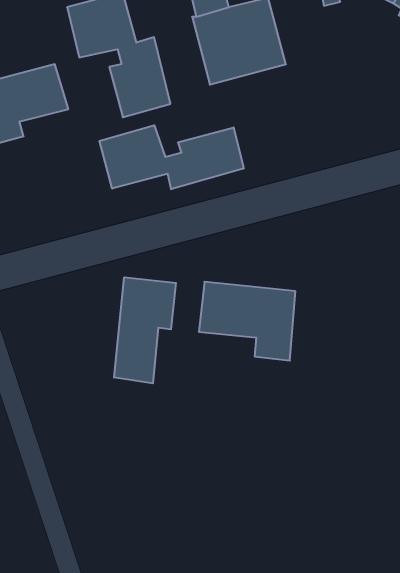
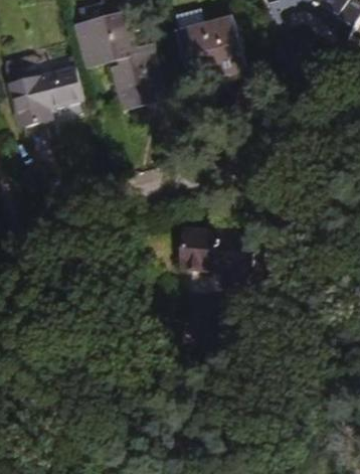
building: [99,125,244,189] -> none
building: [114,277,176,383] -> none

